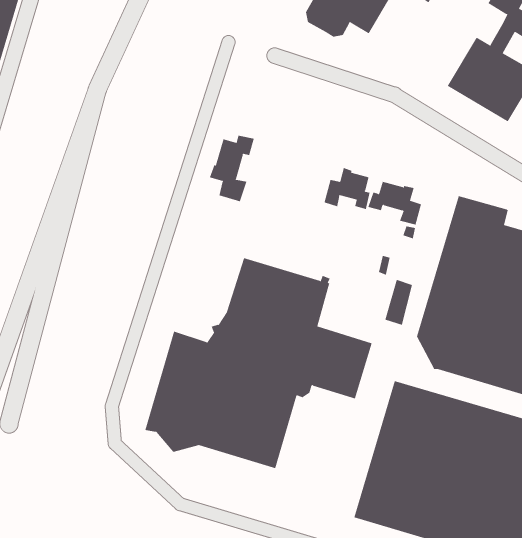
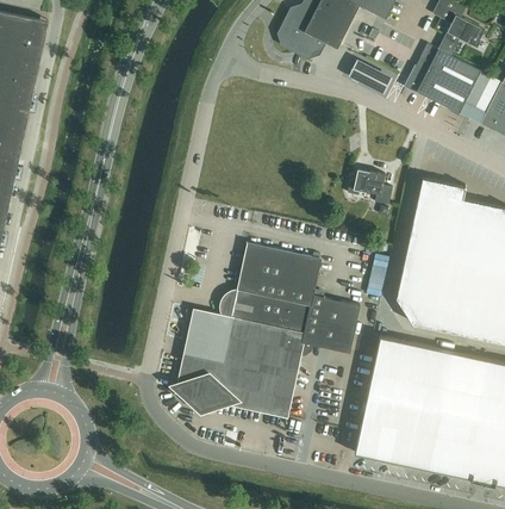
building: none -> [348,60,392,95]
building: [209,135,254,202] -> none
building: [324,167,370,210] -> none

